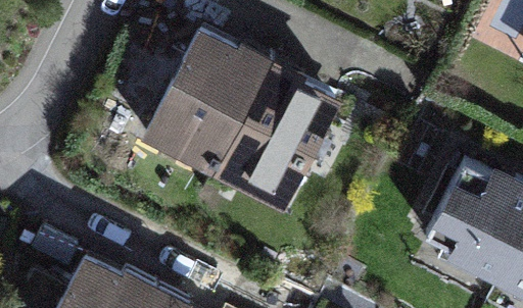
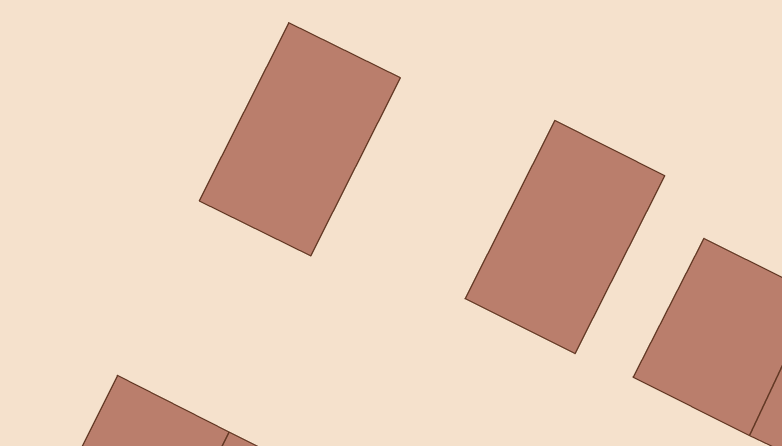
building: [213,59,343,210] -> [465,121,665,354]

